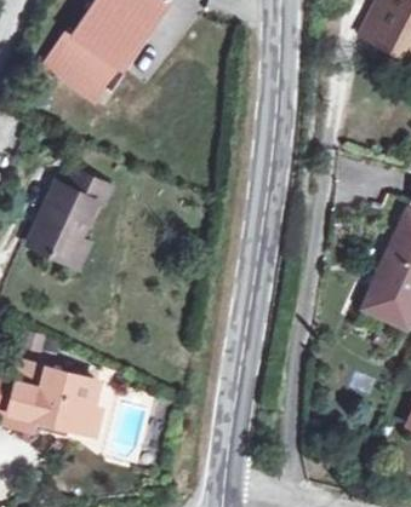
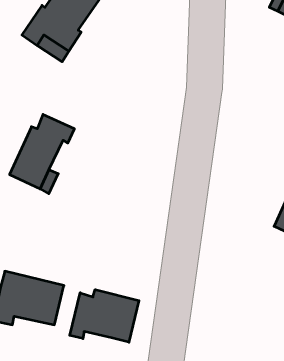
building: none -> [70,290,139,342]

